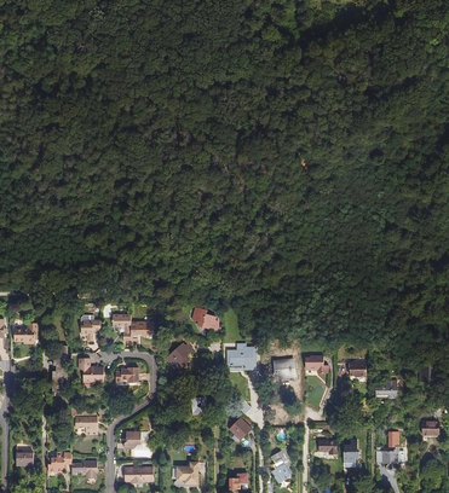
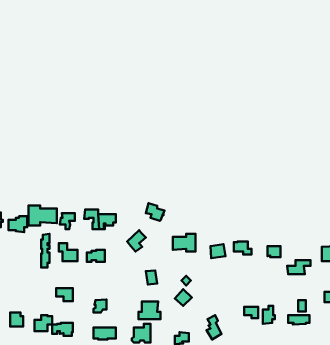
building: none -> [28,205,57,225]
building: none -> [138,301,161,319]

